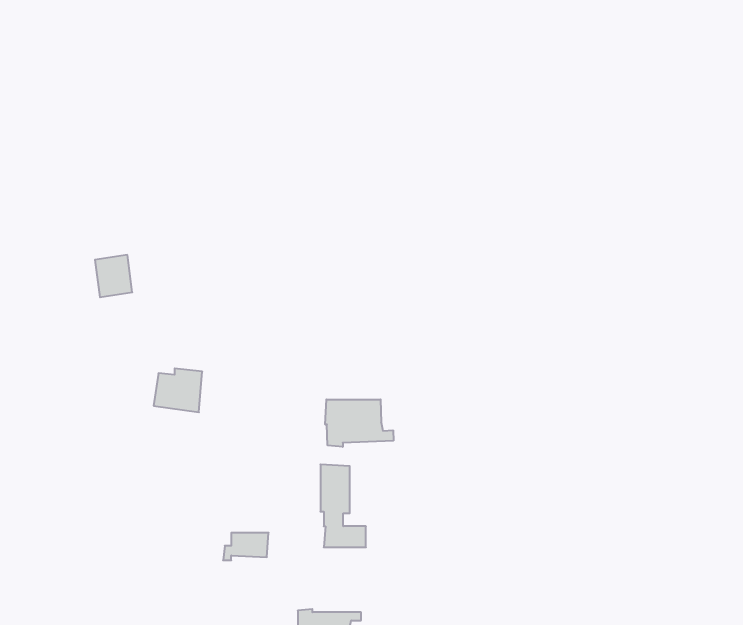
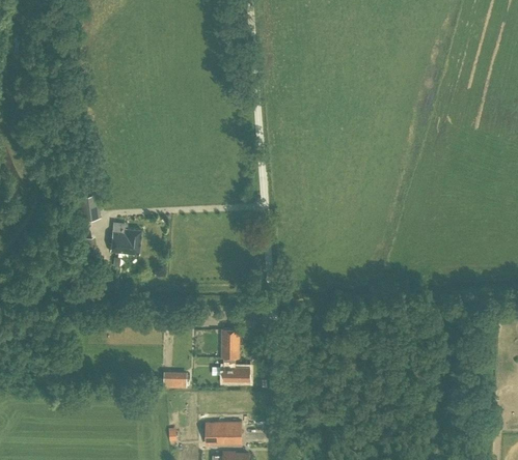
building: [154,368,202,412] -> [110,228,141,256]
building: [325,399,393,447] -> none

